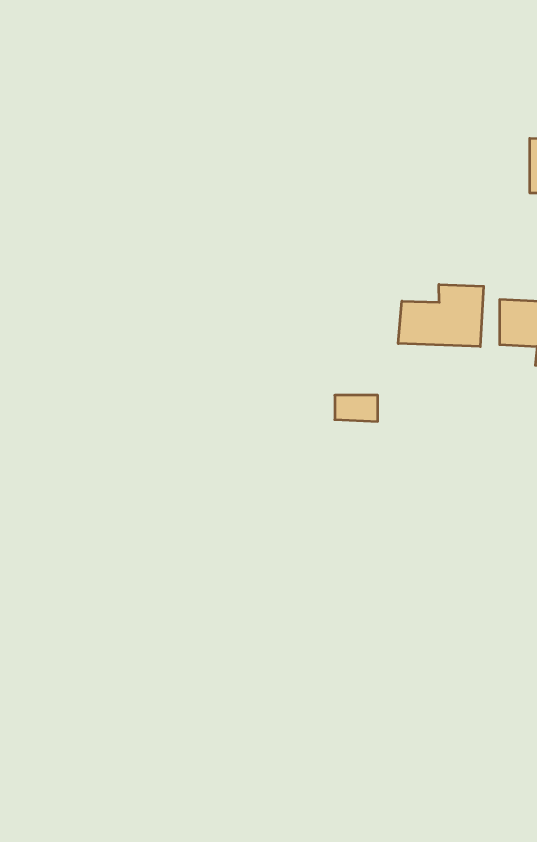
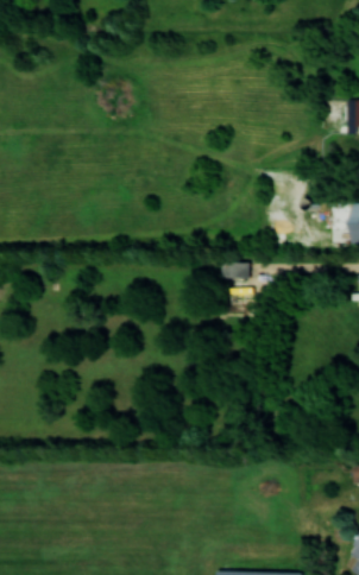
building: [398,284,484,347] -> none

